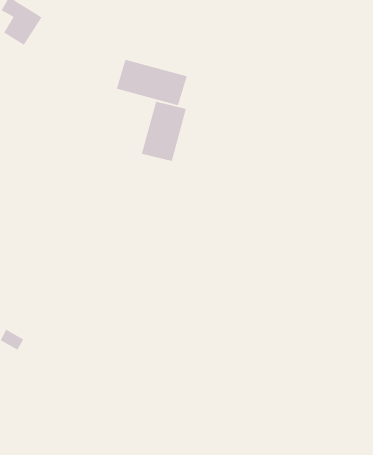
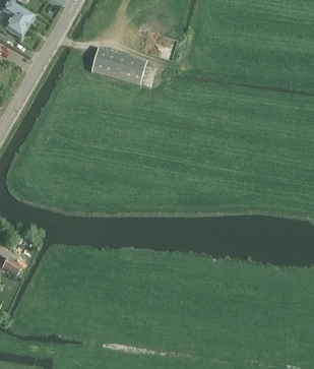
building: [141,101,187,162] -> none

